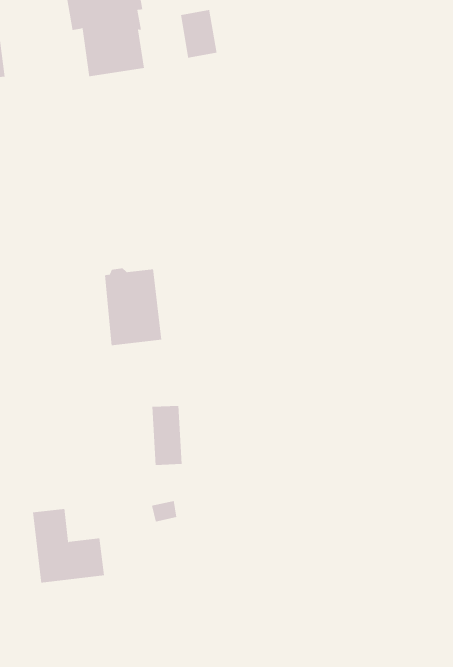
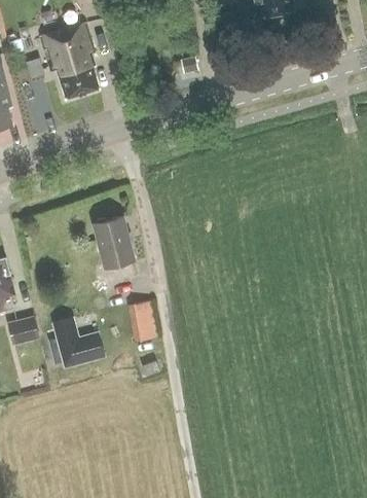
building: [180,9,217,59] -> none
building: [32,509,105,583] -> [52,317,104,366]

